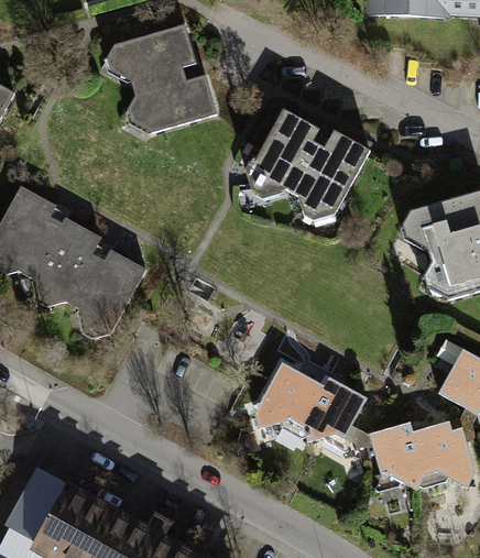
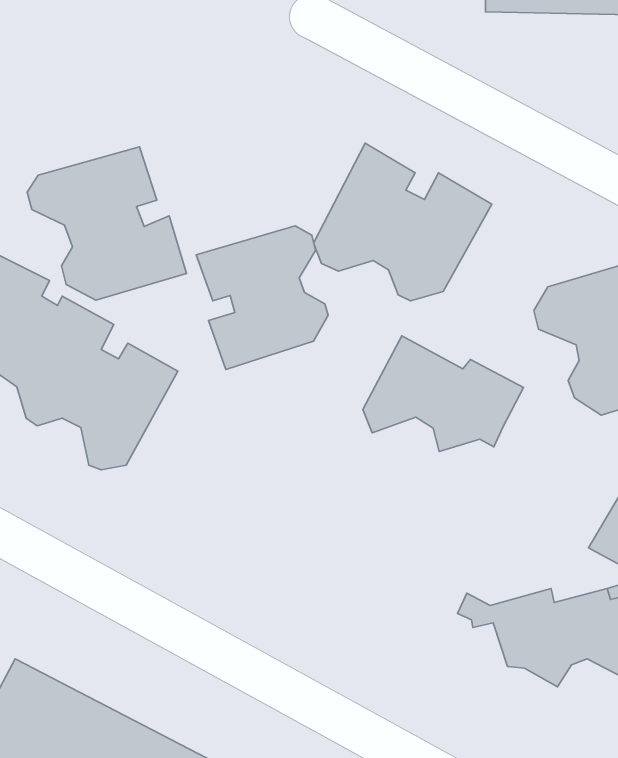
building: [106,24,218,132] -> [27,147,186,300]
building: none -> [196,226,328,370]
building: [252,361,366,442] -> [363,336,524,452]

